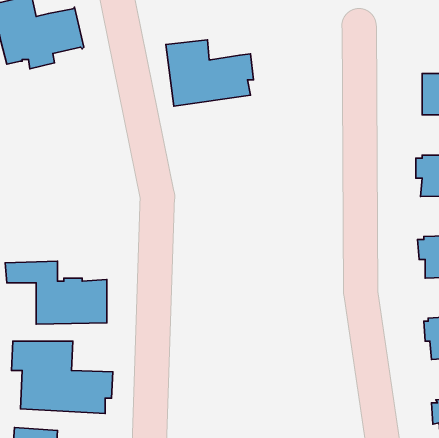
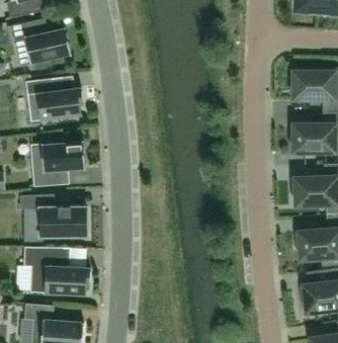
building: [166,40,254,106] -> [25,78,83,121]
building: none -> [31,142,85,185]

